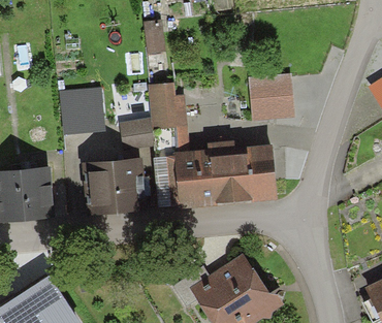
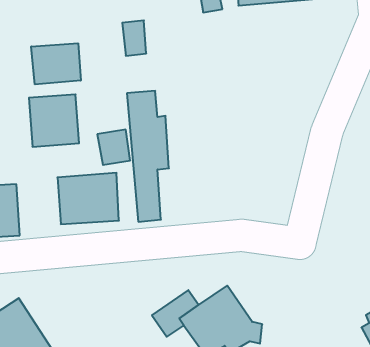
building: none -> [31,43,81,84]
building: [253,77,290,117] -> none
building: [177,143,275,202] -> none

